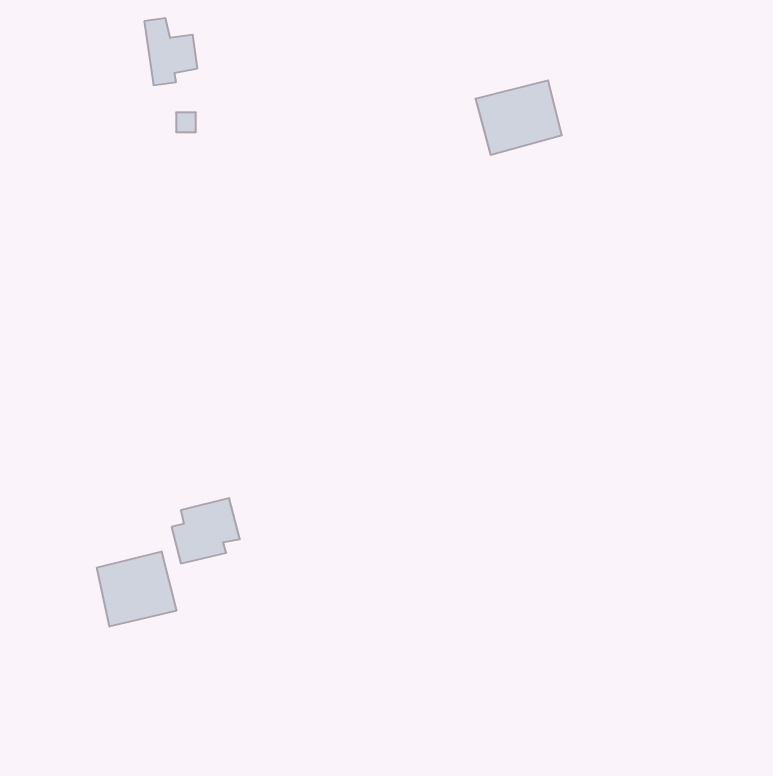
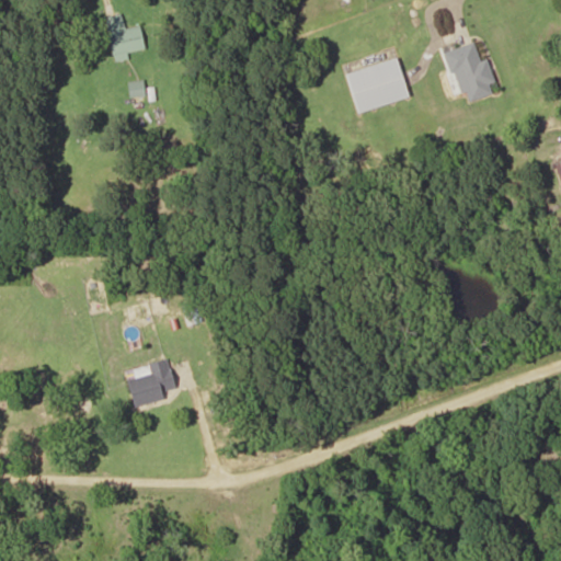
building: none -> [444,42,495,102]
building: [97,551,176,627] -> none

